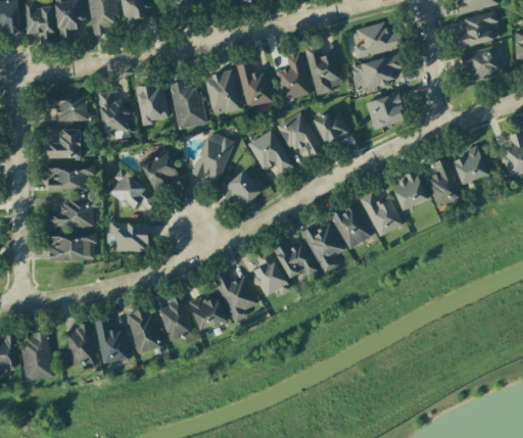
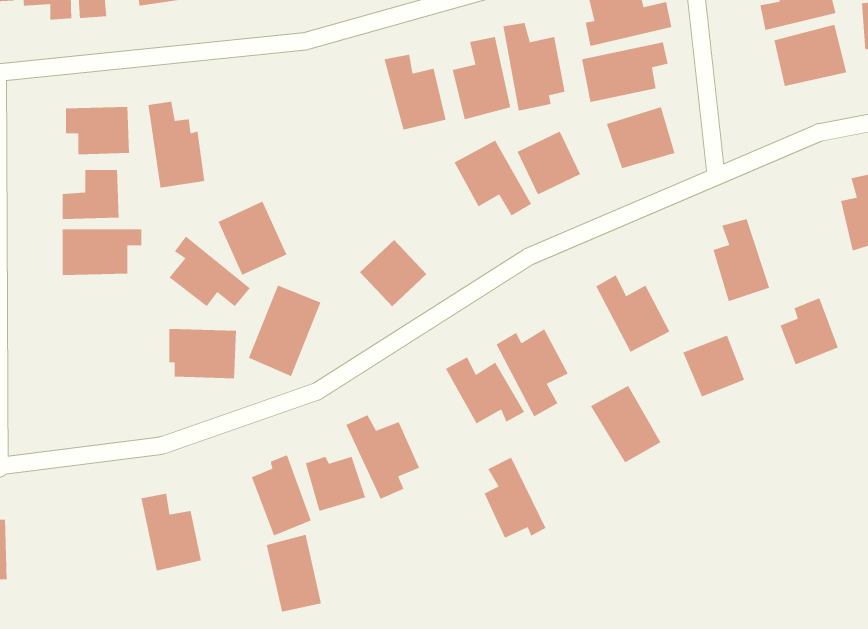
building: [203,70,240,115] -> none
building: [169,81,205,129] -> none
building: [135,84,169,124] -> none
building: [247,130,293,175] -> none
building: [191,131,234,185] -> [248,285,321,377]
building: [453,145,487,185] -> [780,297,839,365]
building: [390,174,427,210] -> [682,335,745,398]
building: [48,199,98,227] -> none
building: [329,203,371,249] -> [590,385,662,463]
building: [48,234,95,260] -> none
building: [252,249,289,297] -> [484,457,547,539]
building: [127,307,159,353] -> [266,534,322,613]
building: [63,326,94,368] -> none
building: [20,332,52,380] -> none

